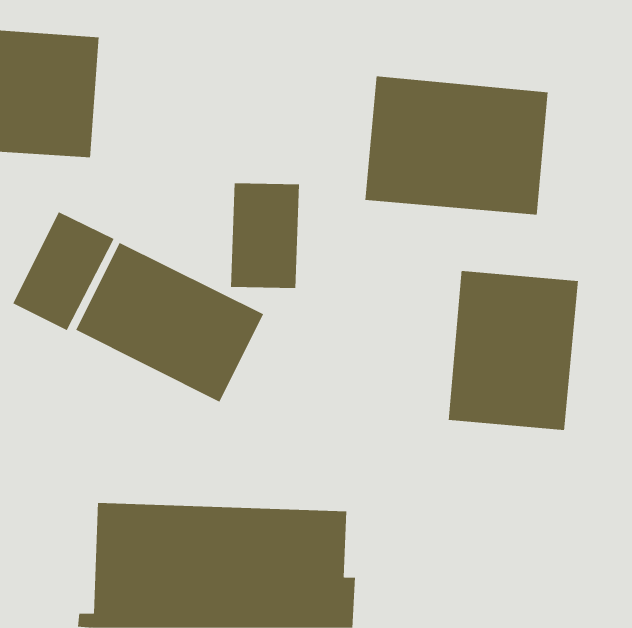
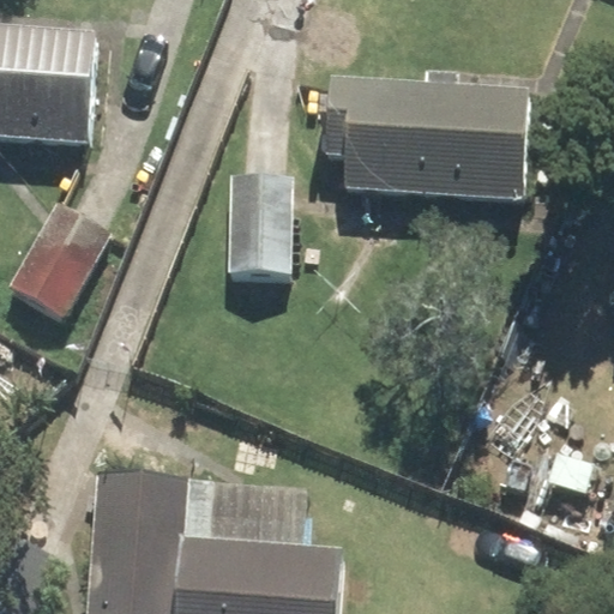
building: [76,242,264,402] -> none
building: [448,270,579,431] -> none

